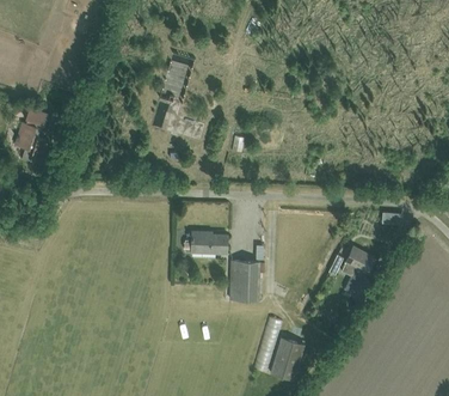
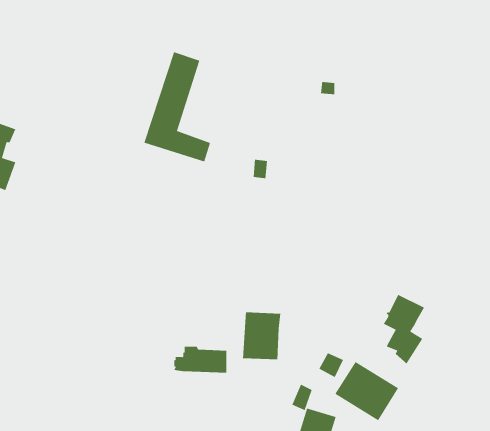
building: [184,232,227,254] -> [173,346,227,373]
building: none -> [335,361,399,421]

